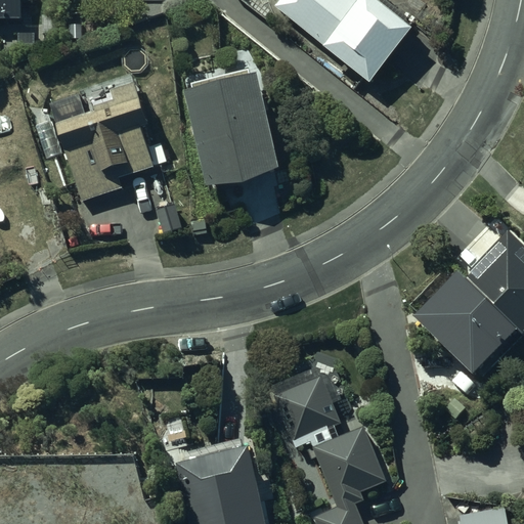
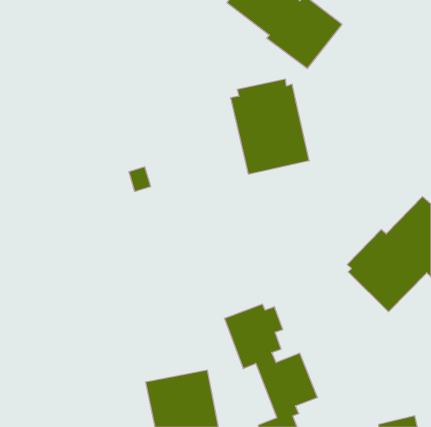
building: [184,72,279,186] -> [230,79,309,174]
building: [50,84,156,198] -> none

